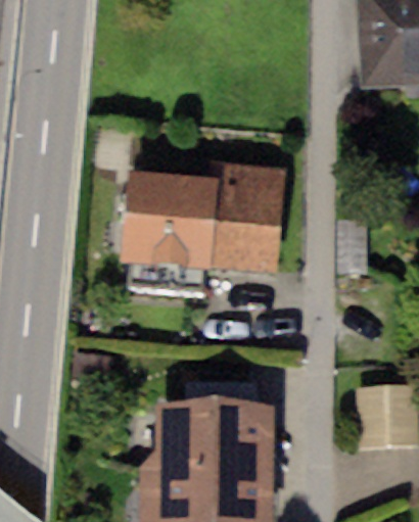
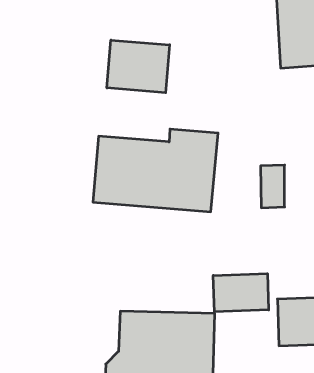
building: none -> [107,40,170,93]
building: none -> [213,274,269,312]

